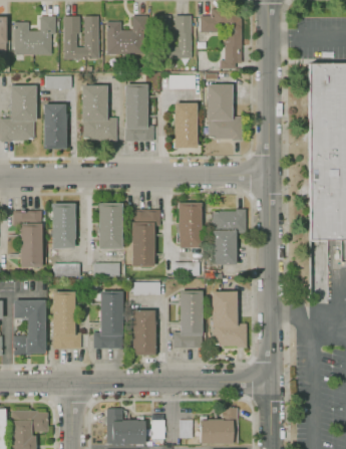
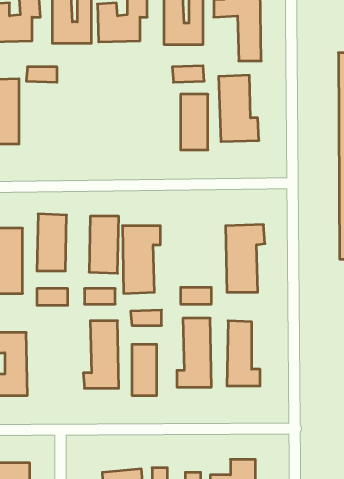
building: [81,84,115,141] -> none
building: [124,85,158,142] -> none
building: [45,100,69,148] -> none
building: [179,200,204,247] -> none
building: [54,292,82,348] -> none

